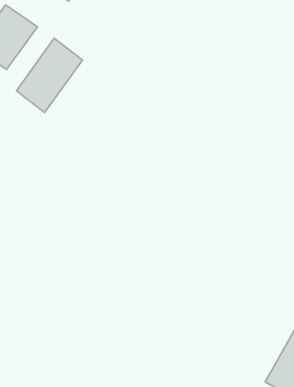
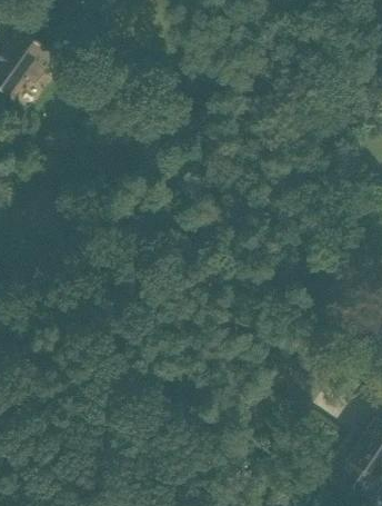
building: [16,38,82,113] -> none

